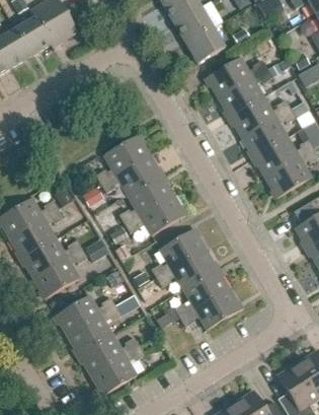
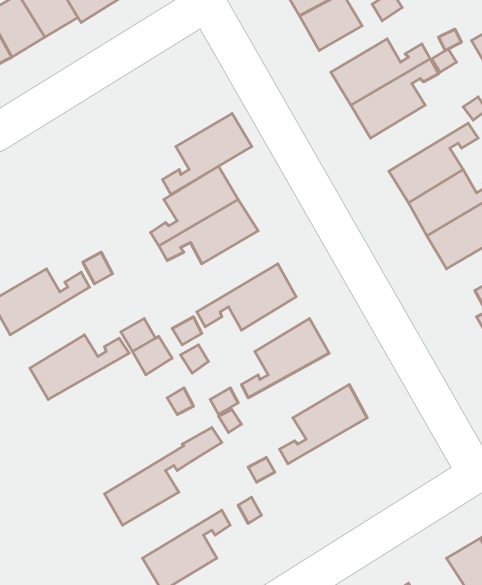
building: [230,96,290,137] -> none
building: [118,174,173,223] -> [163,113,252,194]
building: [9,208,64,258] -> none
building: [32,249,87,297] -> none
building: [155,249,217,288] -> none
building: [179,288,240,329] -> none
building: [55,294,115,335] -> none
building: [78,334,139,374] -> none

